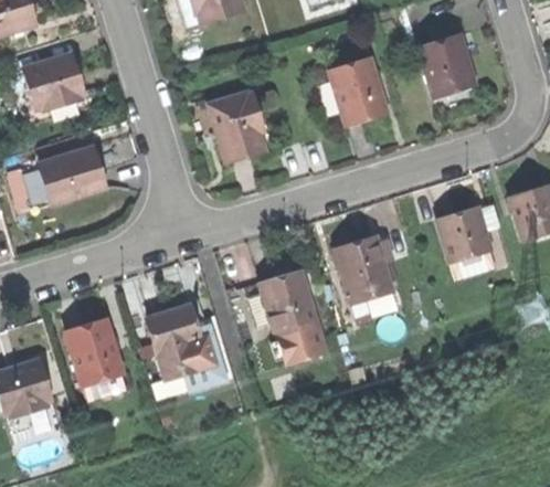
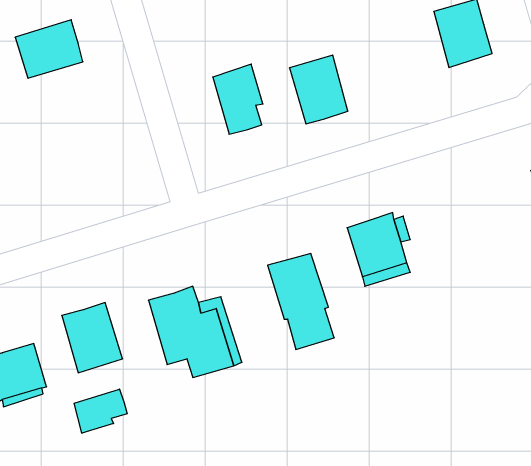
building: [328,59,383,124] -> [289,55,348,124]
building: [20,146,107,209] -> none
building: [436,204,493,263] -> none
building: none -> [74,389,127,433]

